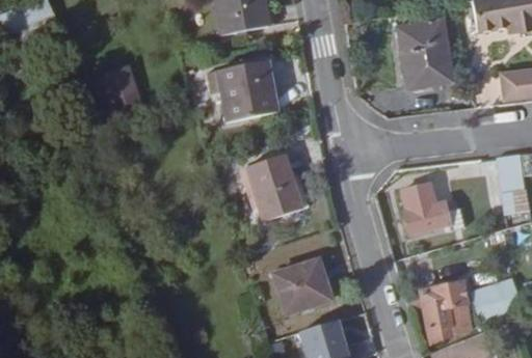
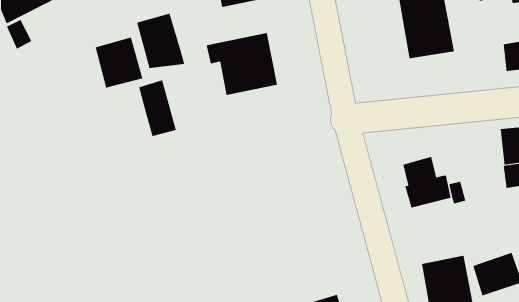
building: none -> [136,13,185,69]
building: none -> [139,79,176,137]
building: [246,154,301,220] -> none
building: [272,258,331,315] -> none

